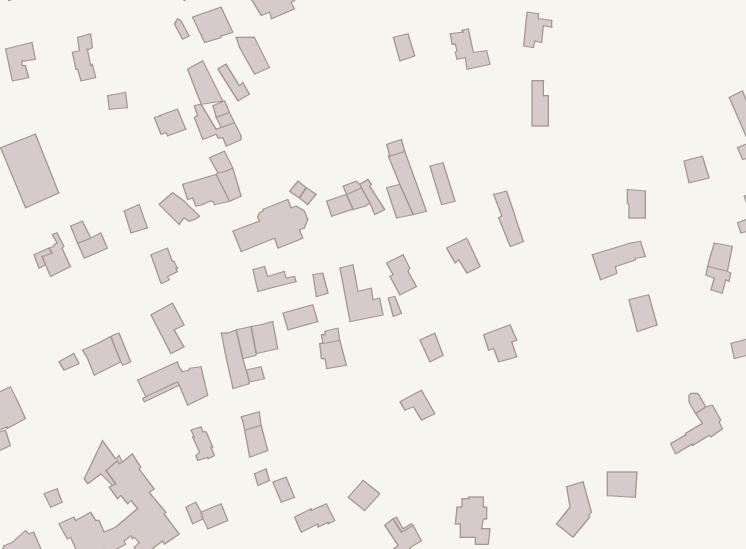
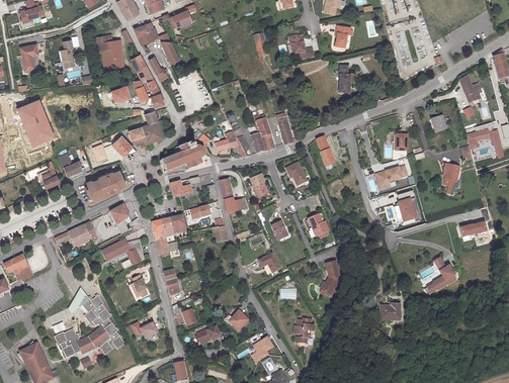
building: none -> [98,35,123,70]
building: none -> [86,174,114,199]
building: [556,482,592,537] -> [319,262,340,295]

